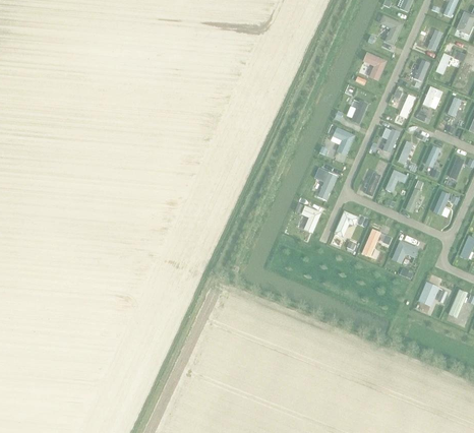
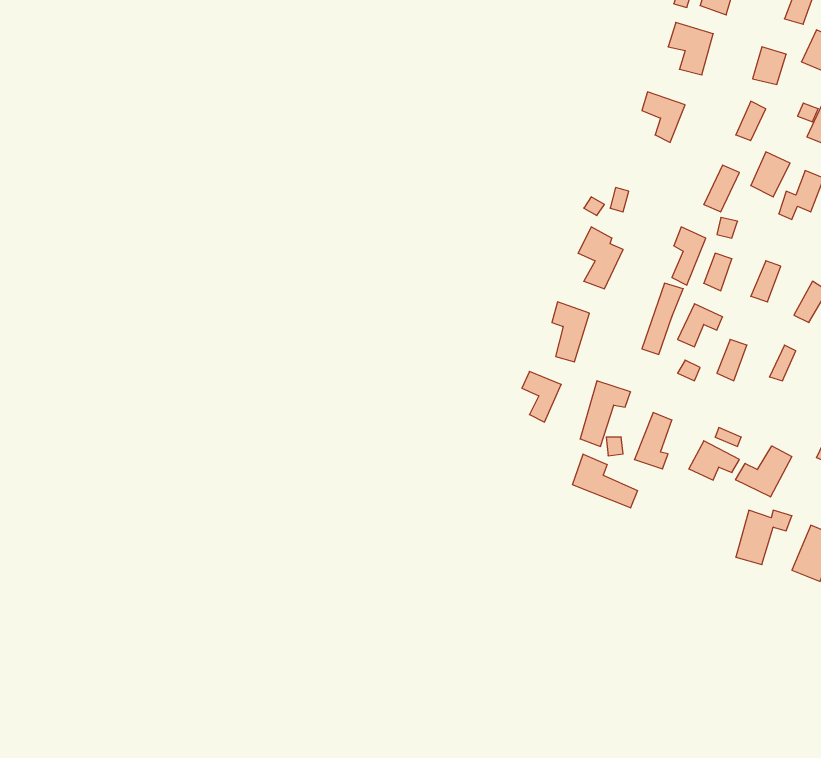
building: none -> [736,446,792,497]
building: none -> [573,454,638,508]

